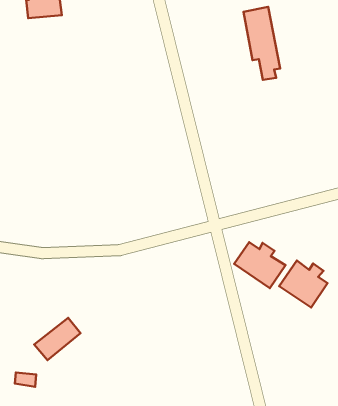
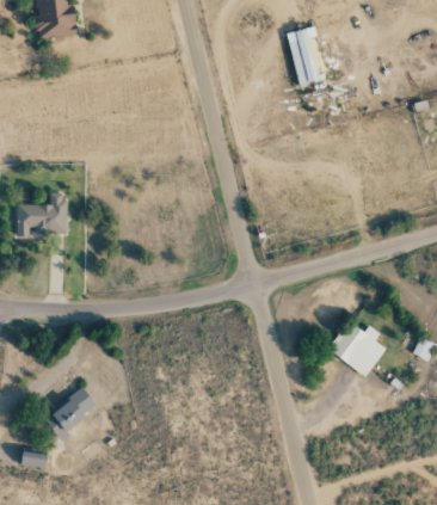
building: none -> [16,192,64,235]
building: [234,242,285,288] -> none

